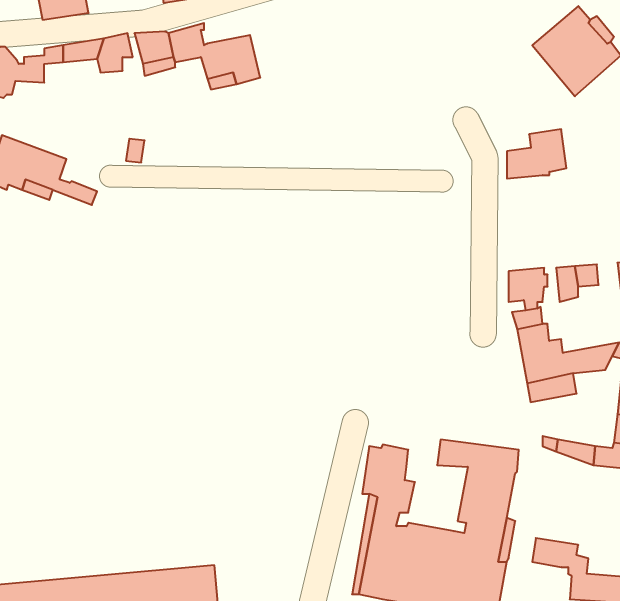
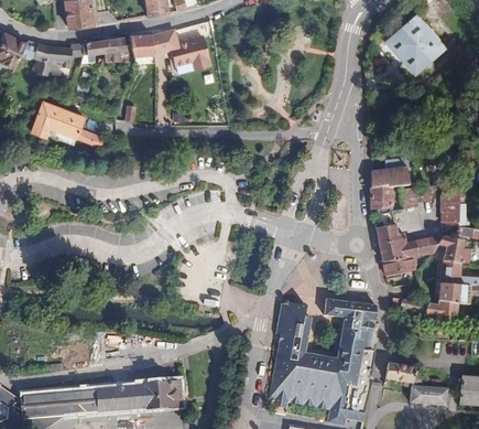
building: [507,129,566,179] -> [370,158,409,190]

